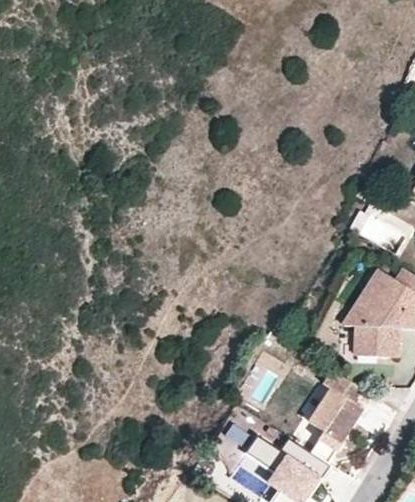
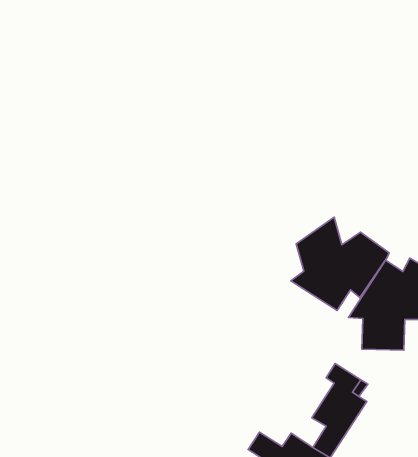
building: none -> [291,217,389,311]

